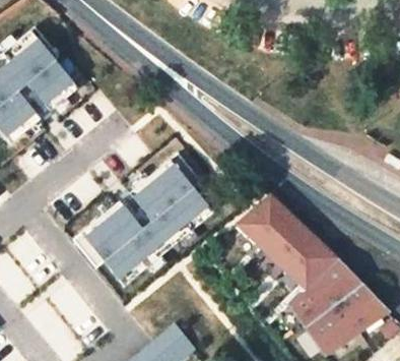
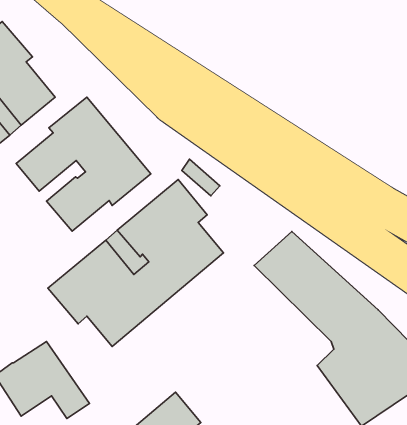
building: none -> [16,97,151,231]

